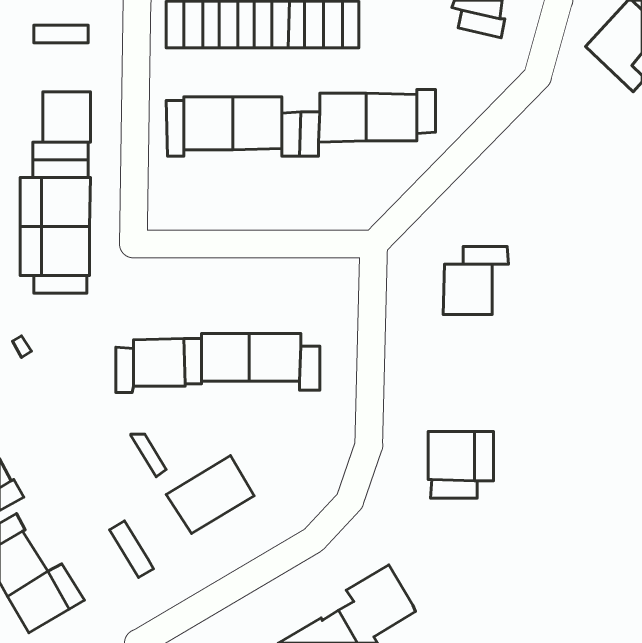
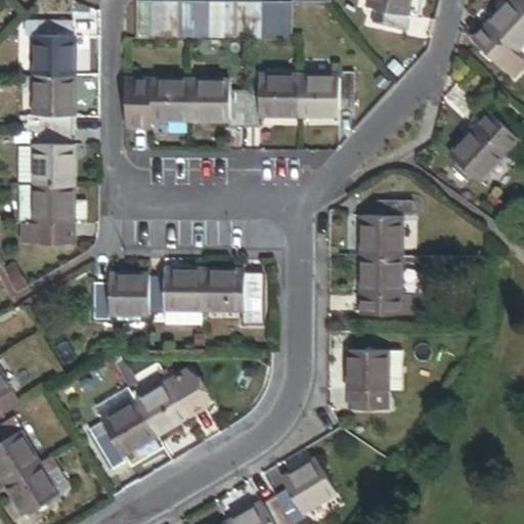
building: none -> [35,35,74,75]
building: none -> [449,108,518,182]
building: none -> [360,256,416,313]
building: none -> [101,402,156,455]

